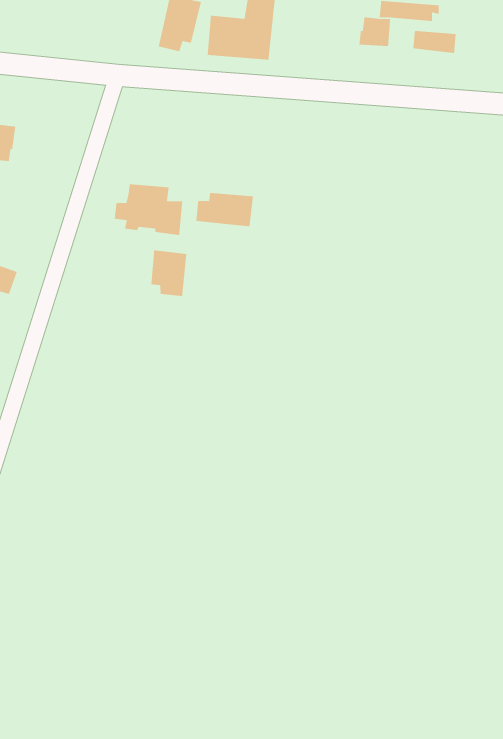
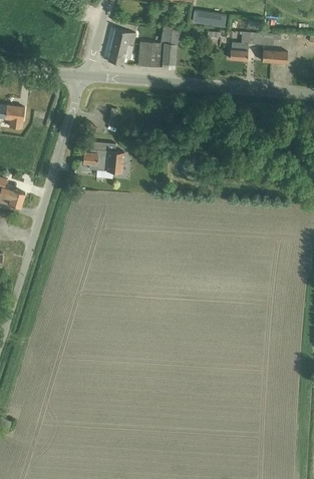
building: [195,192,254,227] -> none
building: [151,250,187,297] -> none

